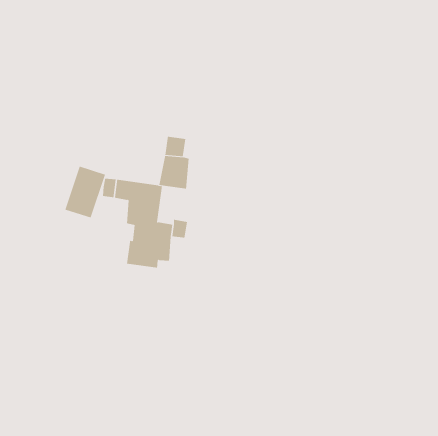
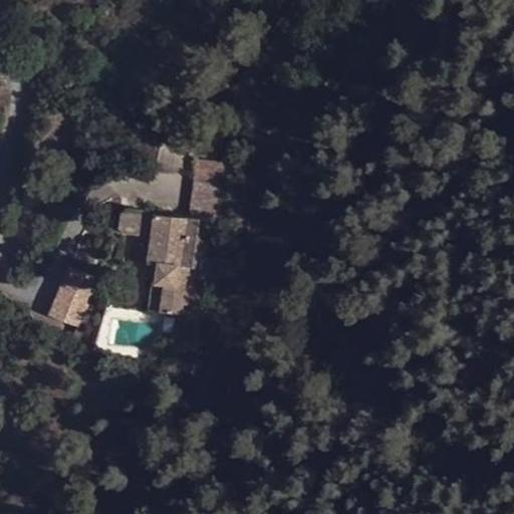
building: [65,166,106,218] -> [48,267,96,328]

